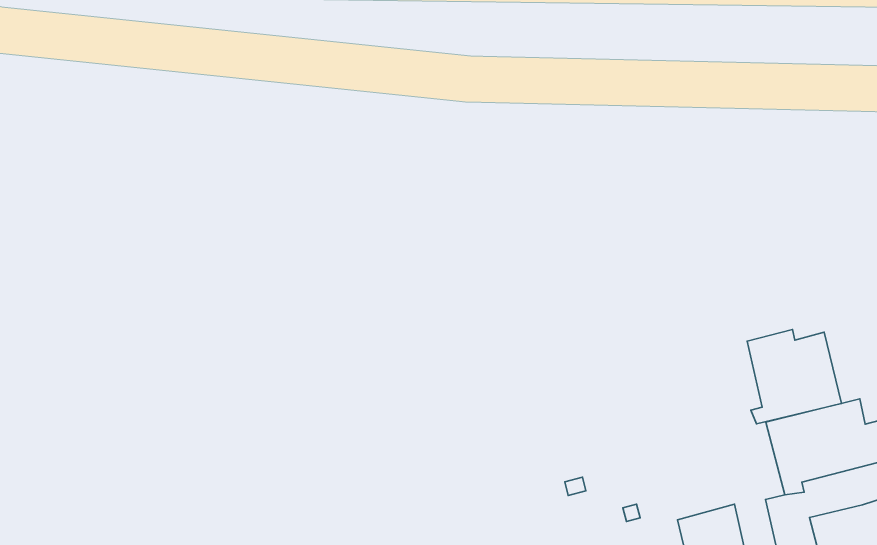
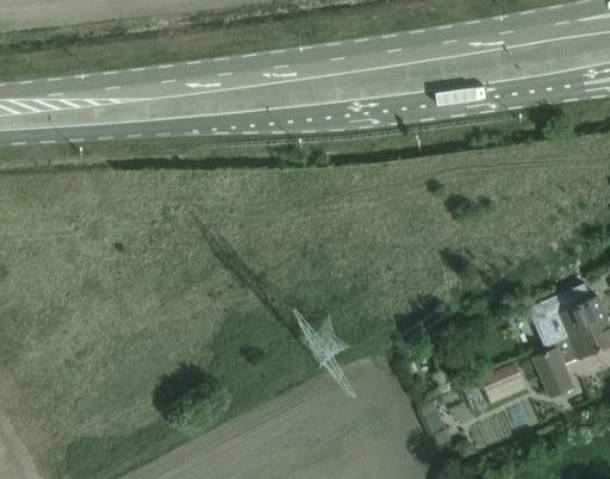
building: [747,330,842,424] -> none

